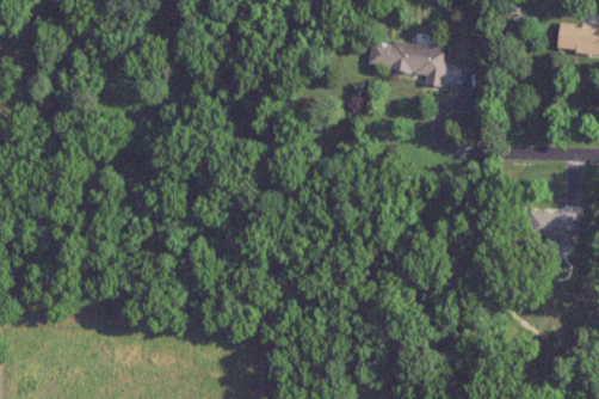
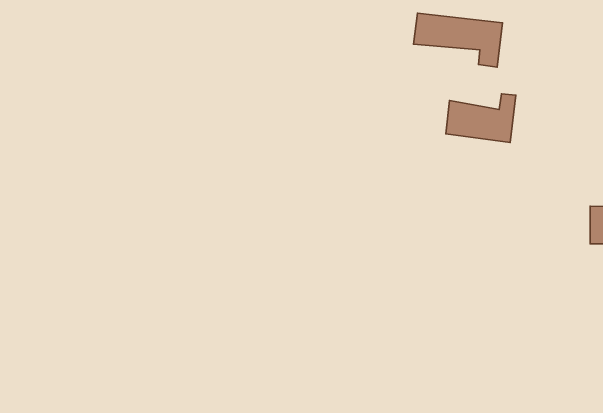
building: none -> [446,94,516,143]

